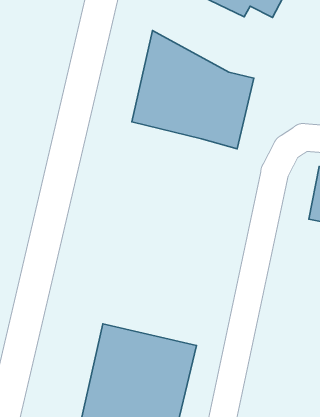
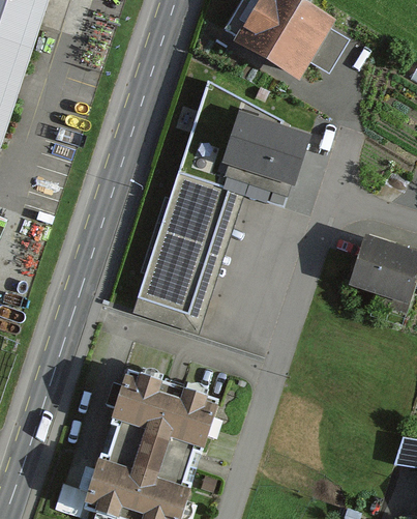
building: none -> [132,170,247,323]

